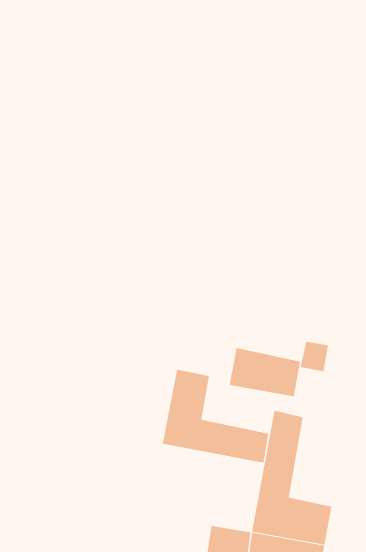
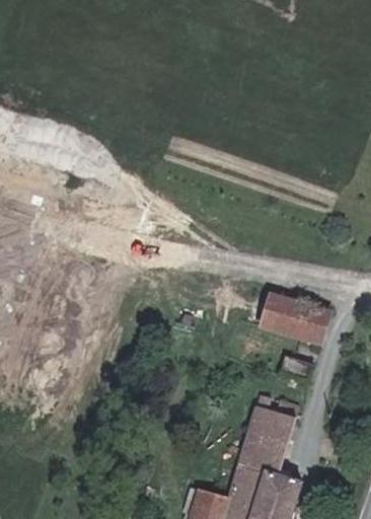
building: [229,347,301,397] -> [256,282,319,328]
building: [162,369,269,463] -> none

